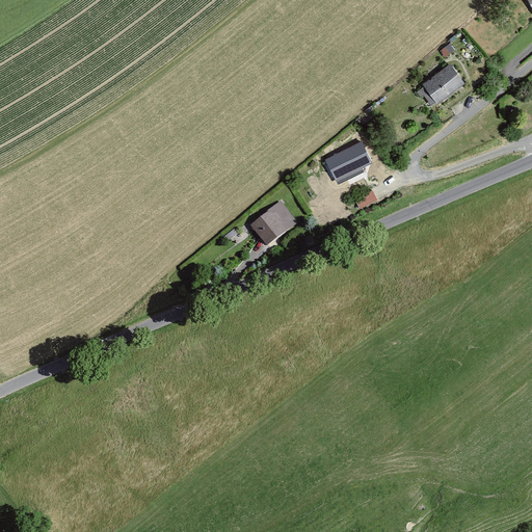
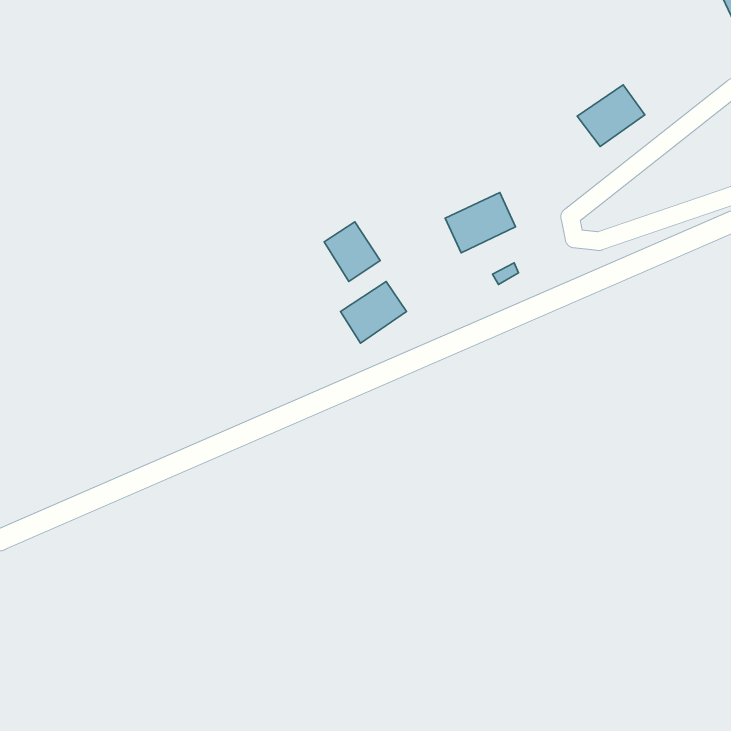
building: none -> [324,222,380,282]

